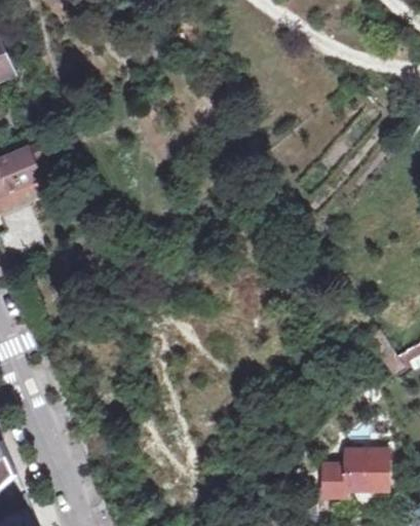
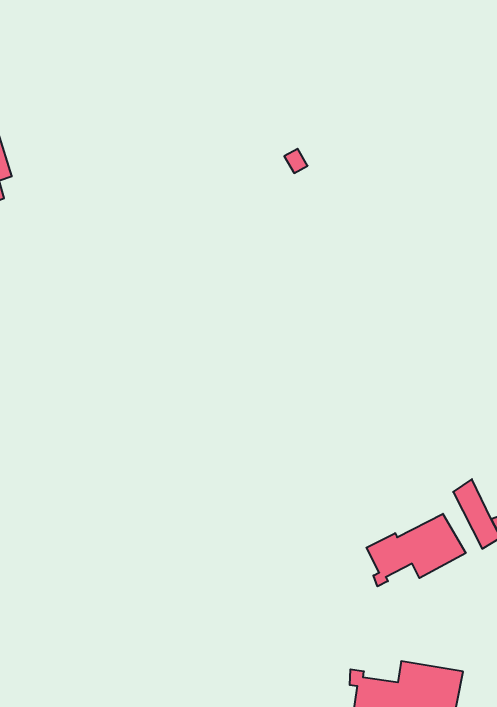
building: none -> [366,514,466,586]

